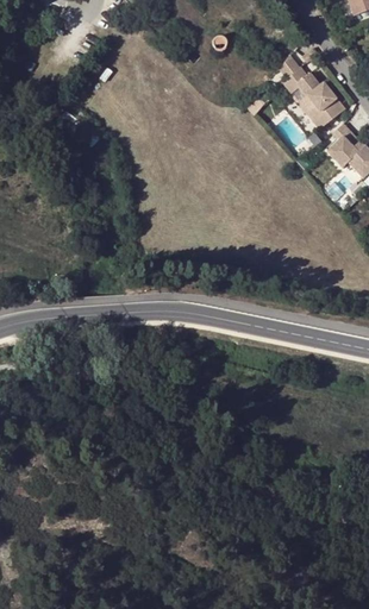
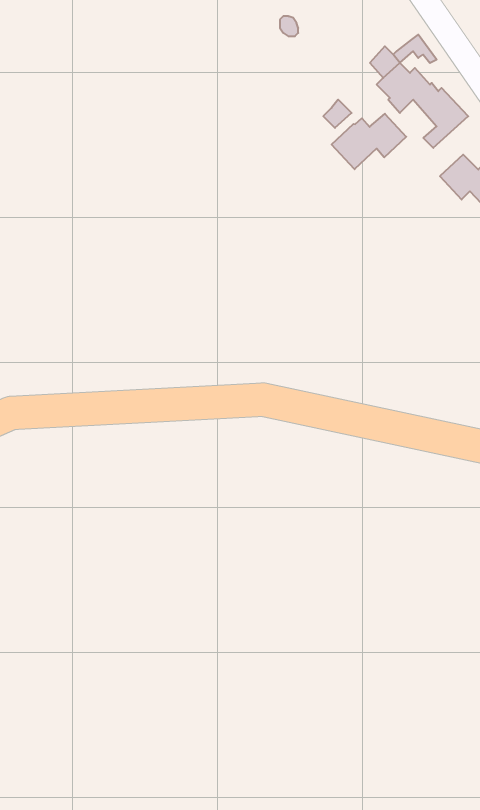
building: none -> [332,114,406,169]

